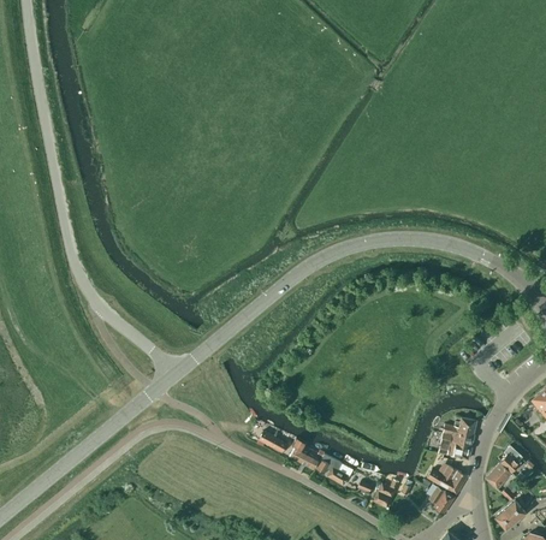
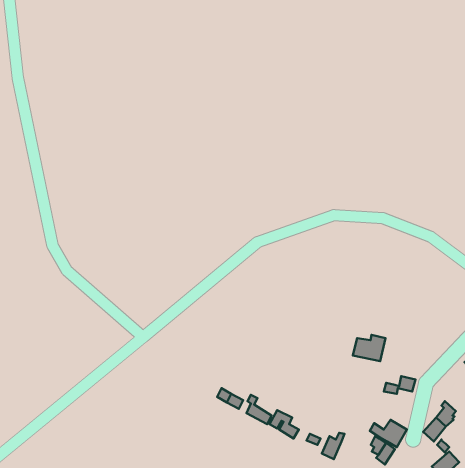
building: [438,429,474,458] -> [353,335,386,361]

